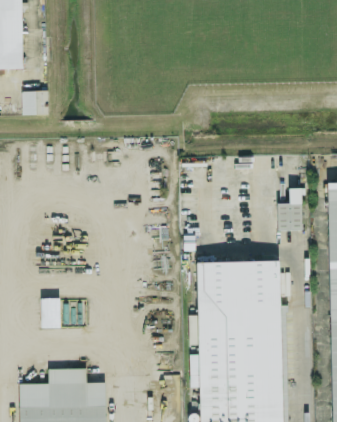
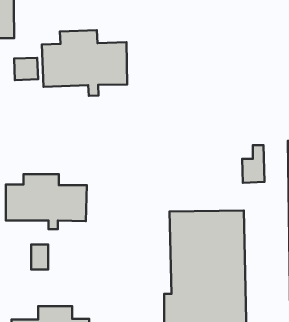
building: none -> [42,30,127,96]
building: none -> [6,174,87,229]

